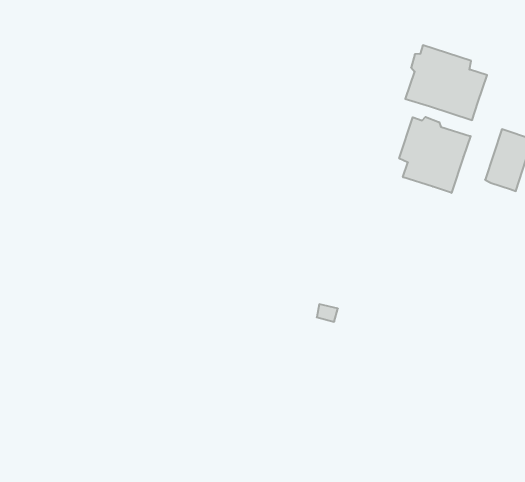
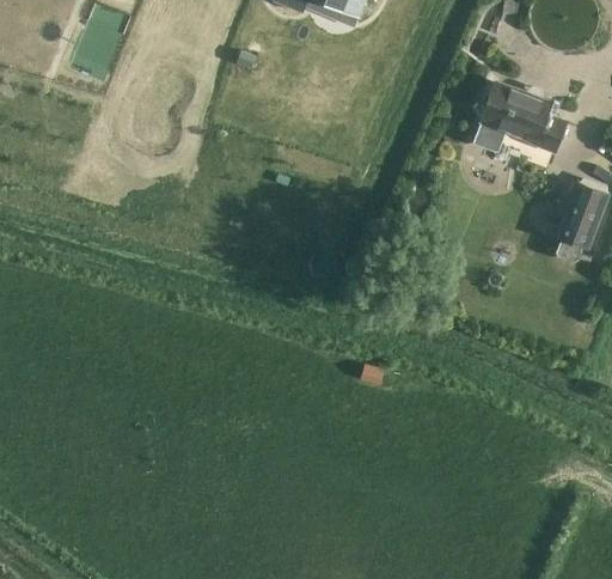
building: [399,117,471,193] -> none

